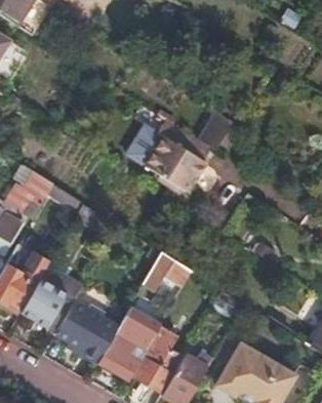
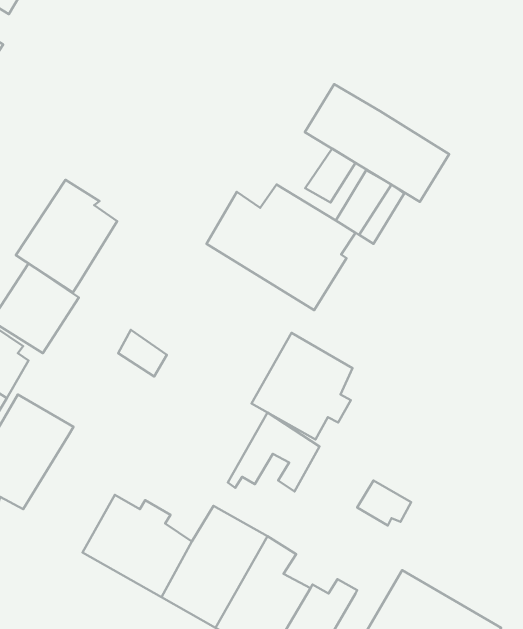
building: none -> [305,84,449,202]
building: none -> [16,180,117,293]
building: none -> [252,333,353,440]
building: [19,266,82,332] -> none

